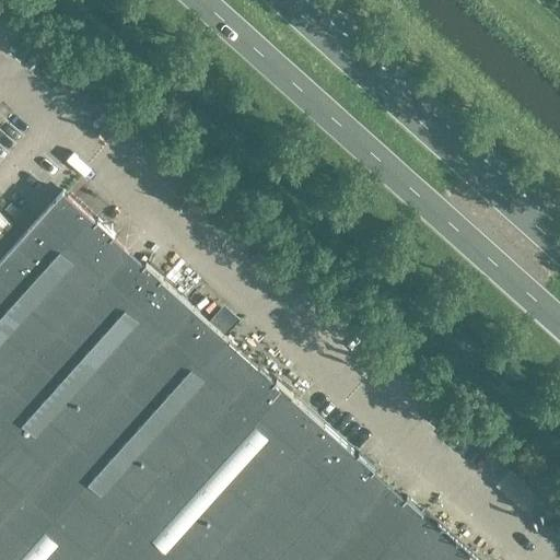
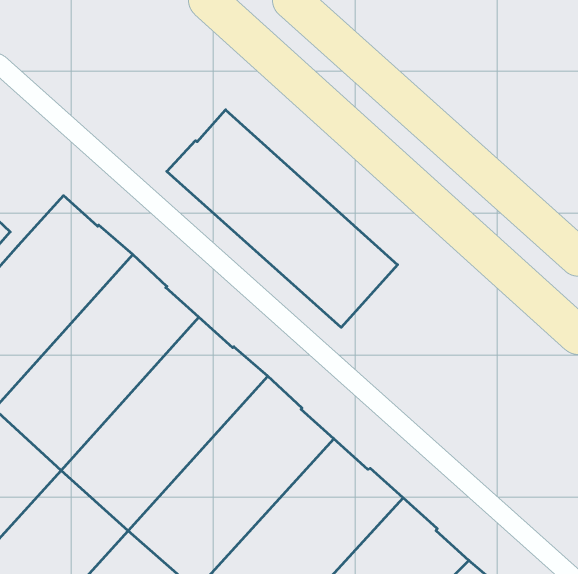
building: none -> [167,110,398,327]

